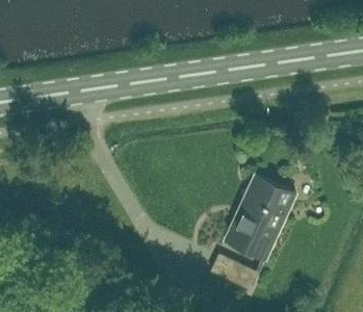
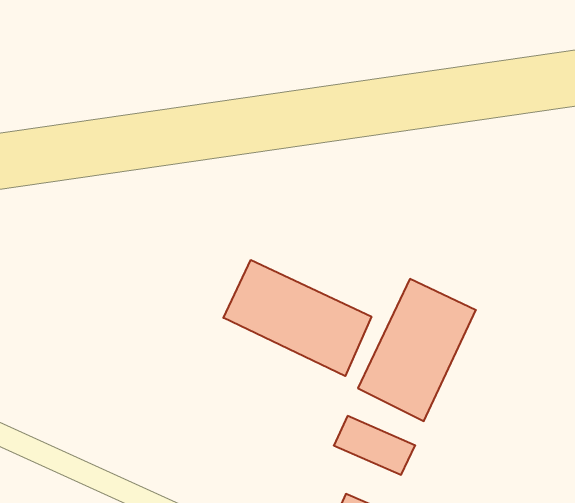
building: none -> [223,260,371,376]

